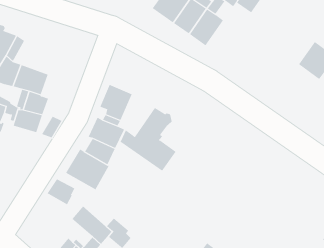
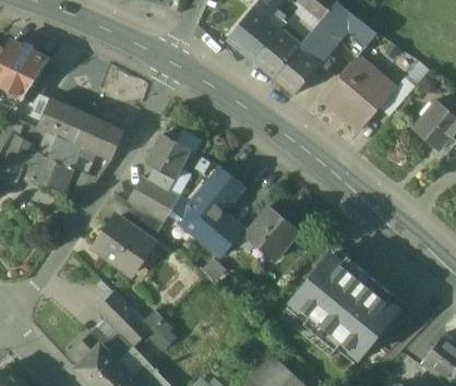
building: none -> [322,60,393,131]
building: none -> [73,114,122,159]
building: none -> [247,205,300,257]
building: none -> [291,255,397,358]
building: [47,179,75,205] -> none

